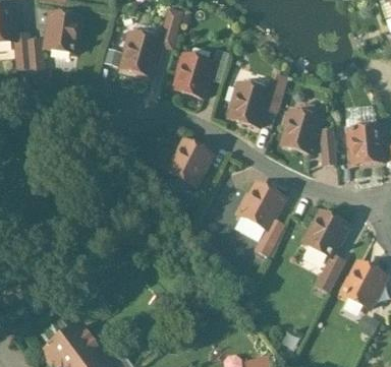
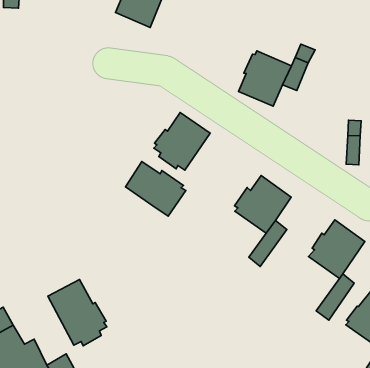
building: [174,54,213,98] -> none
building: [281,103,320,154] -> none
building: none -> [125,162,186,216]
building: none -> [48,279,107,346]

